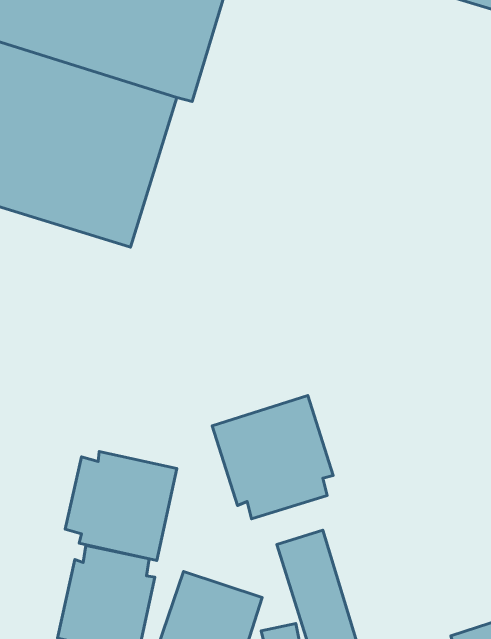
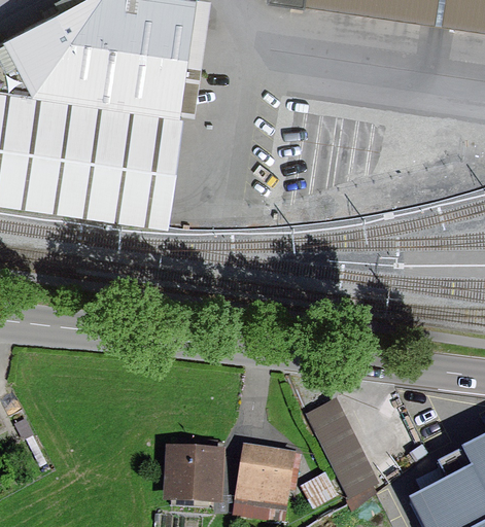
building: [212,396,333,519] -> none
building: [65,451,177,560] -> none

